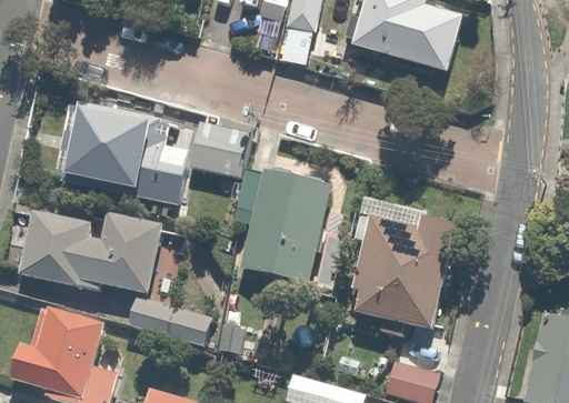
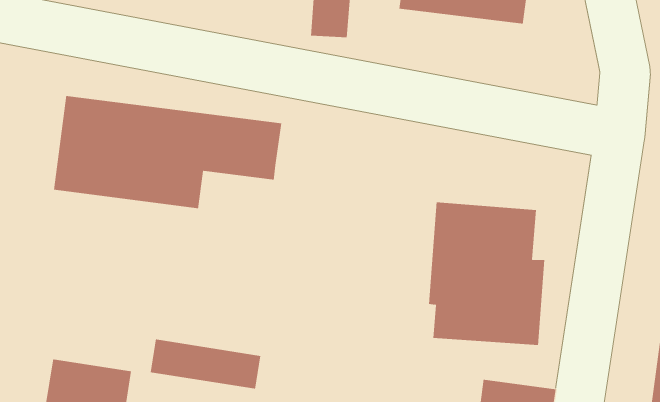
building: [232,167,329,290] -> none
building: [20,205,162,296] -> none

